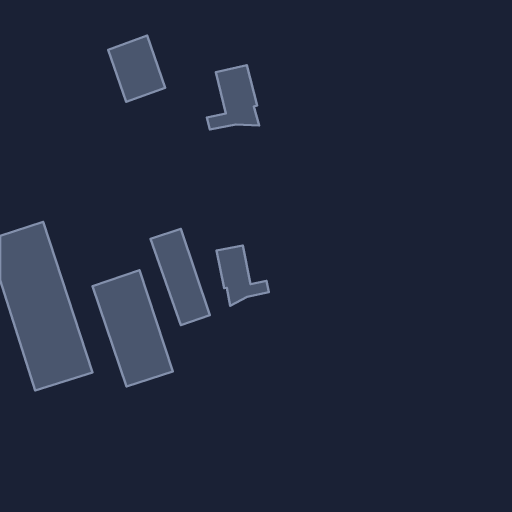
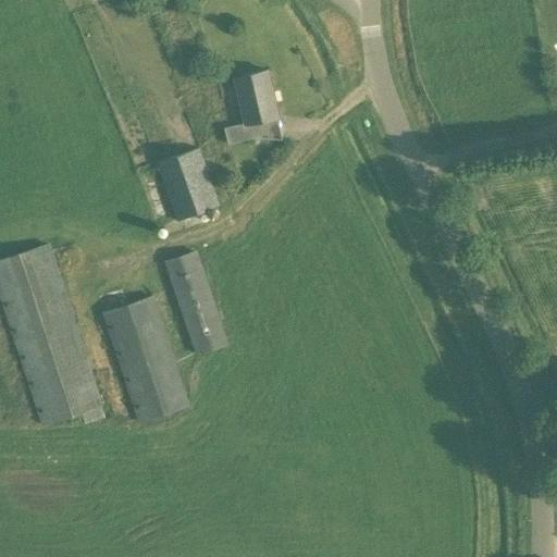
building: [108,36,165,102] -> [158,148,220,220]
building: [217,245,269,306] -> none

